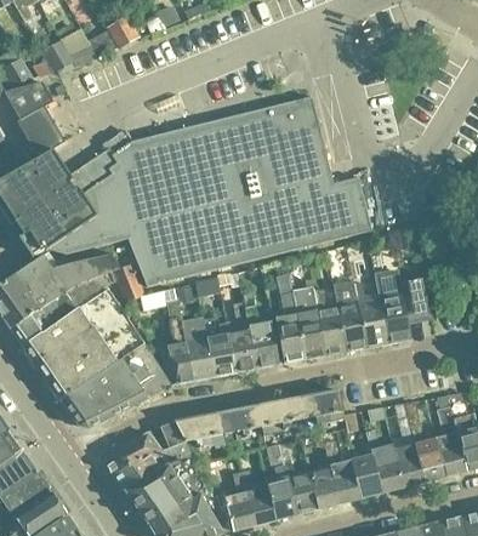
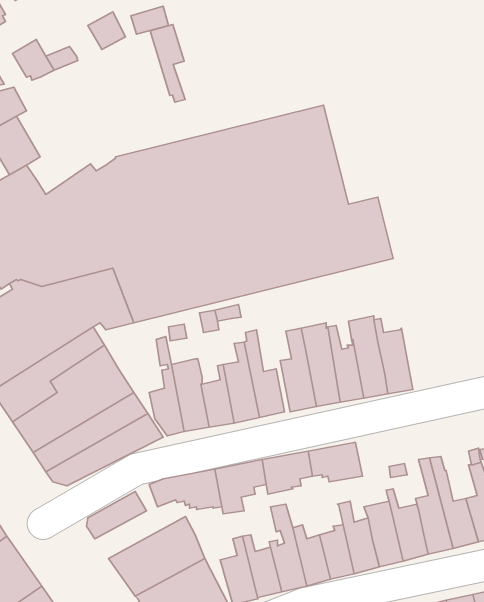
building: none -> [150,24,185,102]
building: [374,269,432,343] -> none
building: [112,441,192,490] -> none

